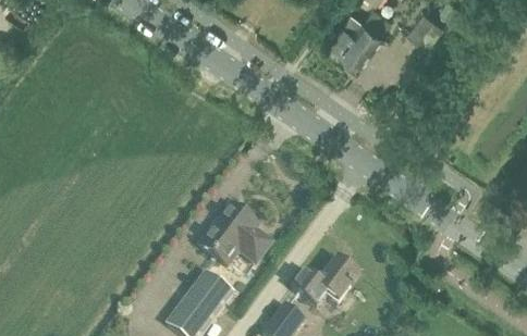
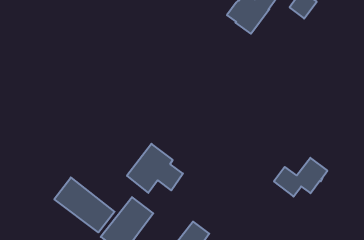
building: none -> [54,177,115,232]
building: [291,257,359,307] -> [274,158,327,197]

